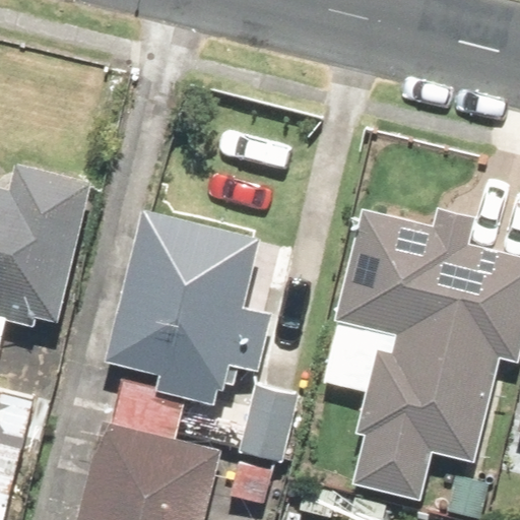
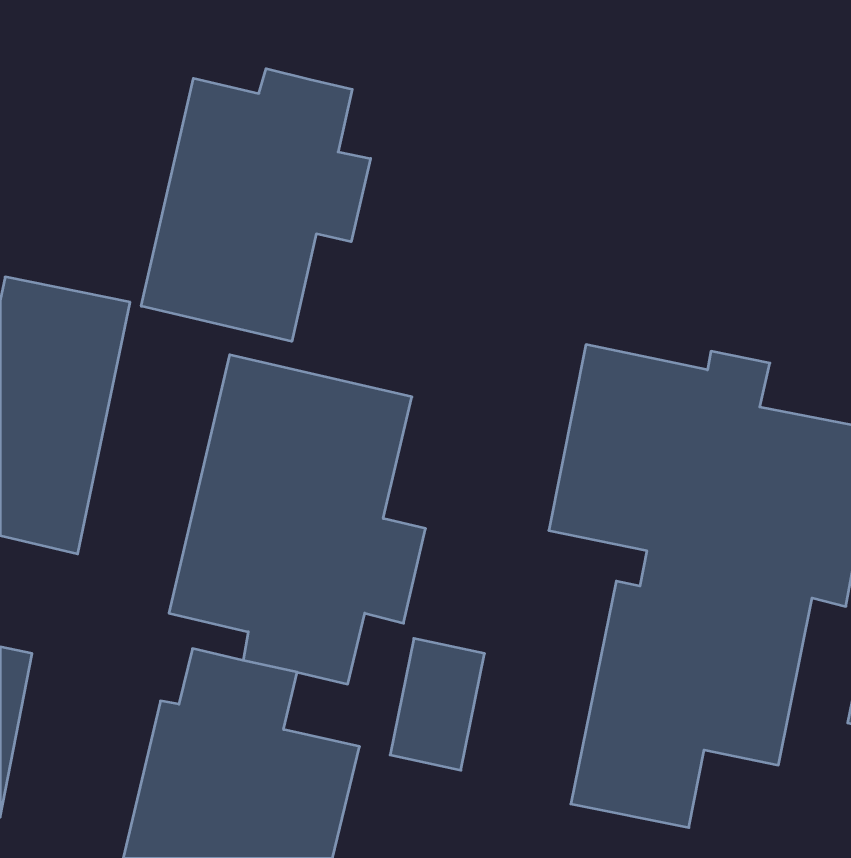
building: none -> [141,69,371,341]

